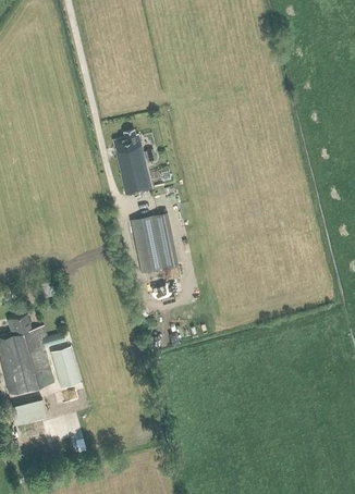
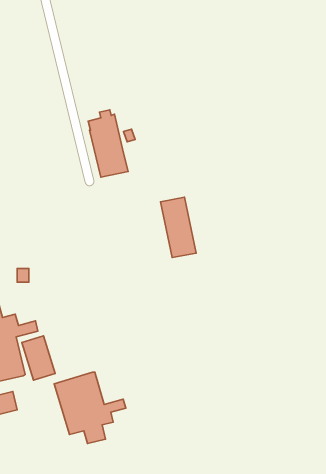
building: [131,215,164,273] -> [161,197,196,258]
building: none -> [54,372,126,444]

